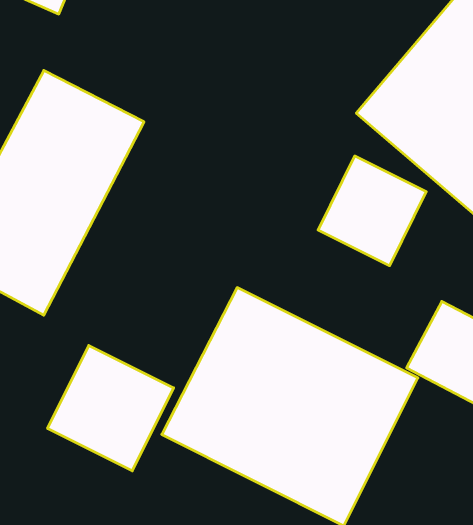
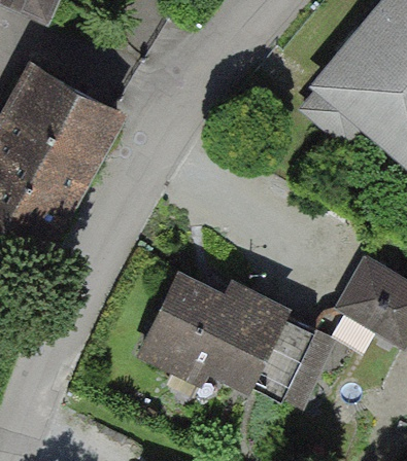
building: [318,156,426,266] -> none
building: [48,345,174,471] -> none

